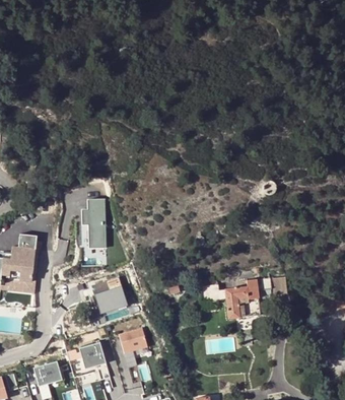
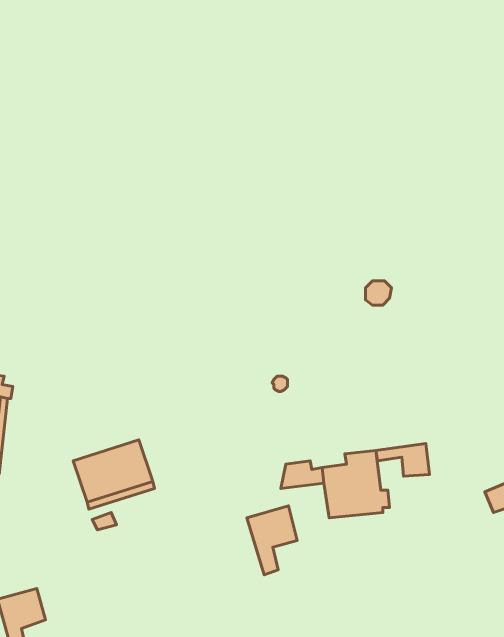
building: [80,203,103,250] -> none
building: [118,327,147,368] -> [247,506,297,575]
building: [79,343,111,381] -> none

